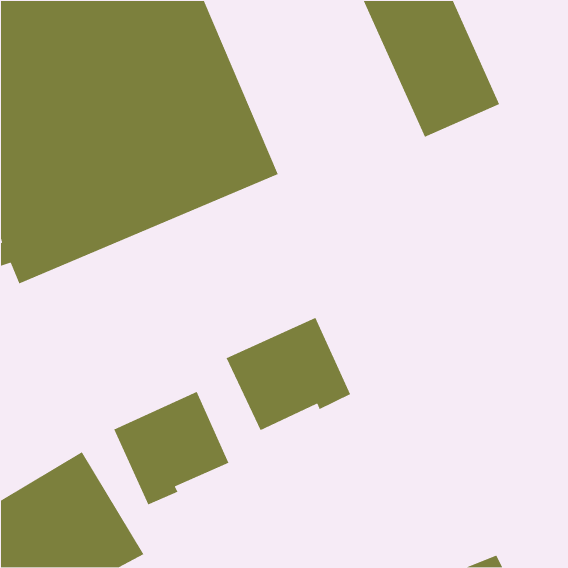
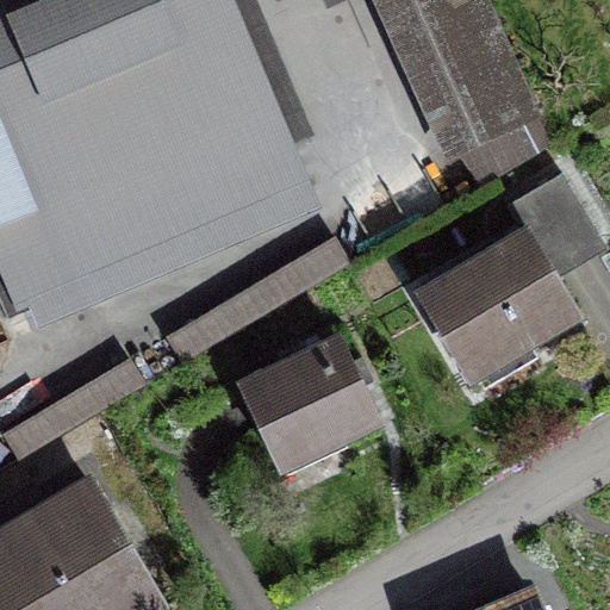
building: none -> [422,174,599,374]
building: [113,391,229,505] -> none

